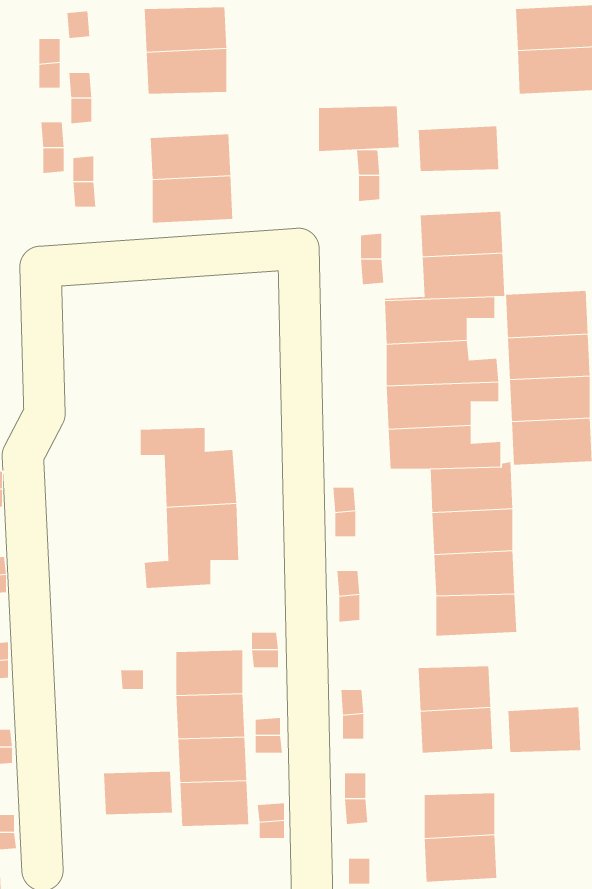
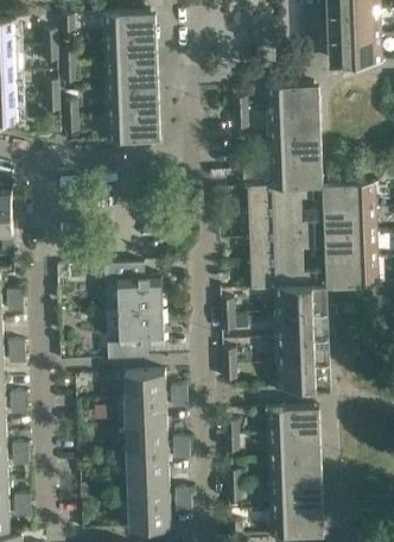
building: none -> [109,63,158,90]
building: [318,106,400,152] -> [272,109,320,137]
building: none -> [125,371,166,398]
building: [508,707,581,753] -> [273,456,317,484]
building: [103,771,173,815] -> [129,502,171,528]

